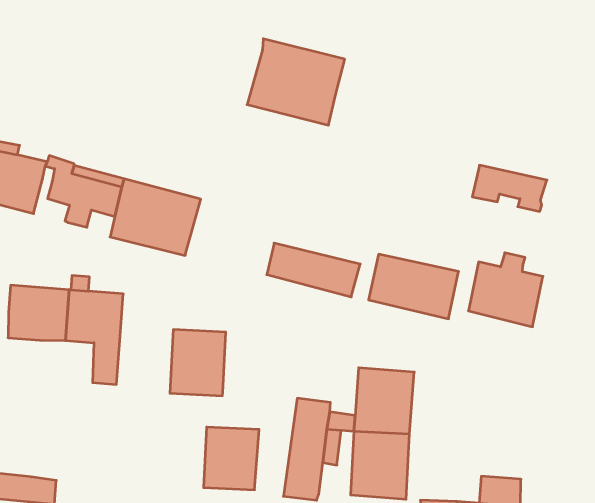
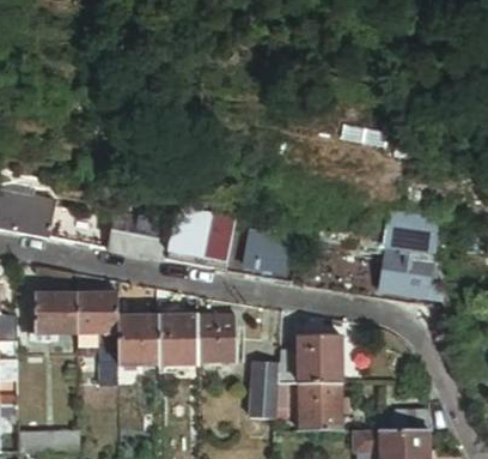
building: [247,39,345,125] -> [161,209,232,270]
building: [472,165,547,211] -> [380,219,435,250]
building: none -> [117,316,158,366]
building: [204,427,259,490] -> [196,314,236,361]

